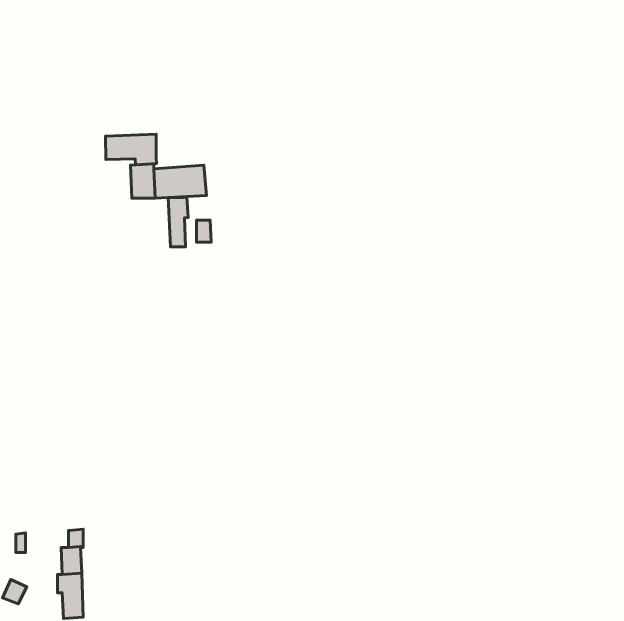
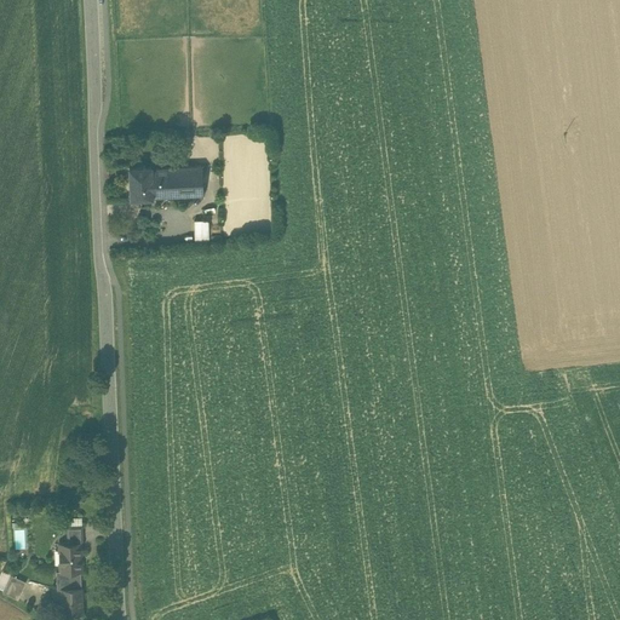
building: [106,134,156,165] -> none
building: [168,197,188,247] -> none

